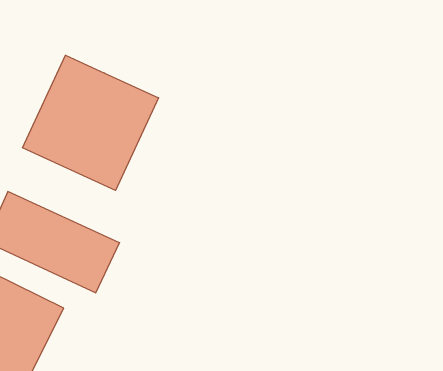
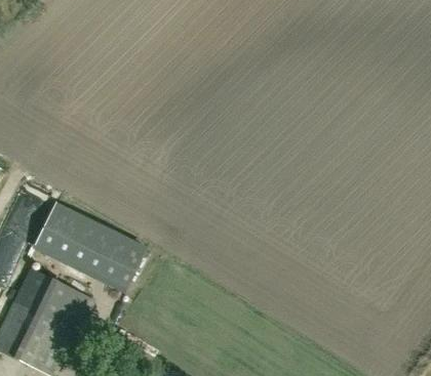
building: [22,55,159,190] -> none

